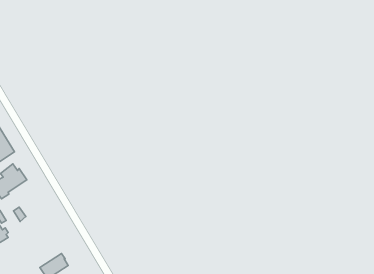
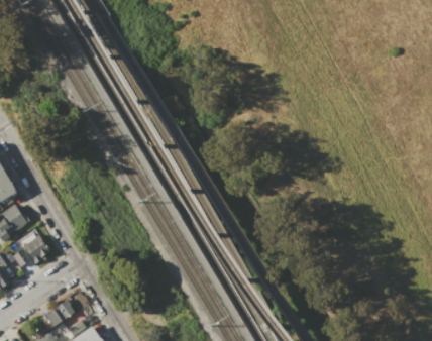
building: none -> [22,233,48,262]

